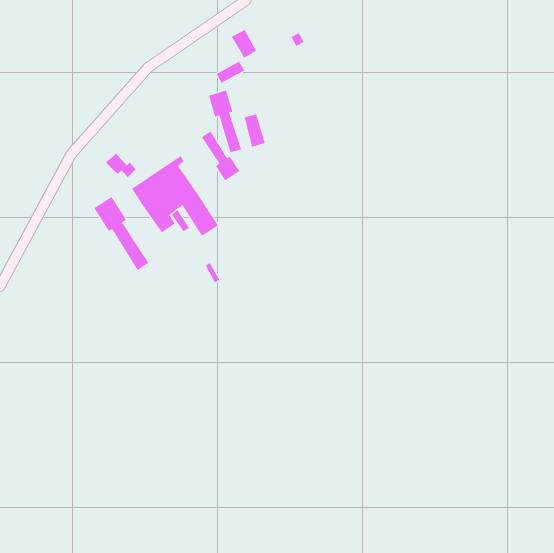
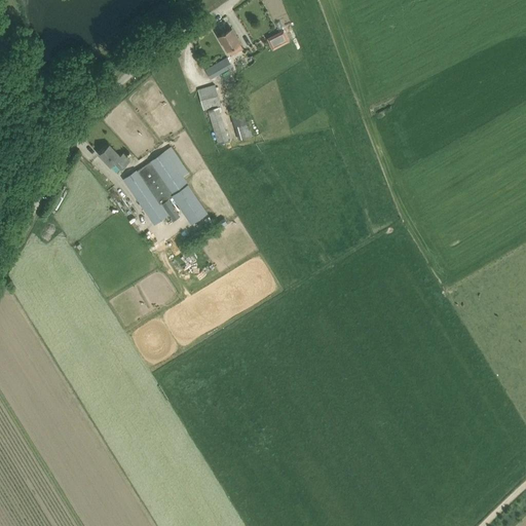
building: [201,130,240,181] -> none
building: [93,196,149,271] -> none

